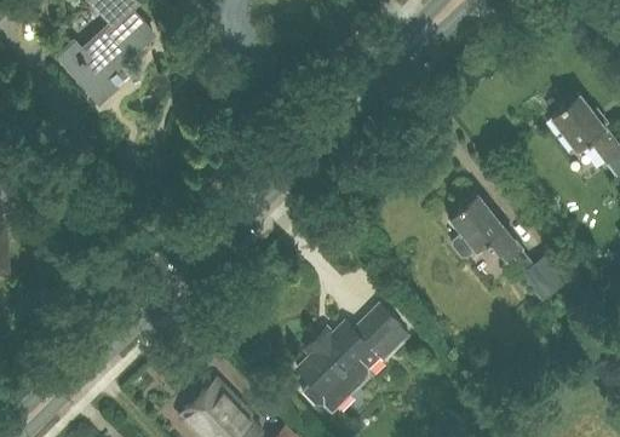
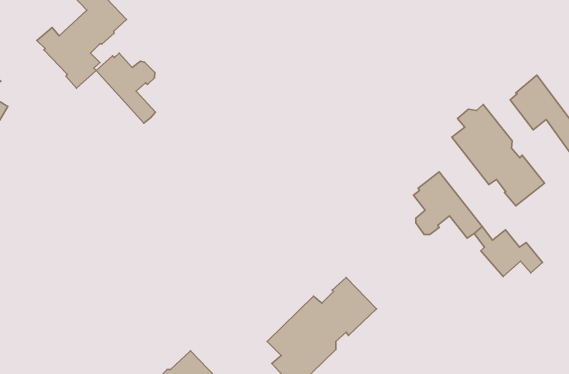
building: none -> [96,53,156,123]
building: none -> [452,105,544,206]

